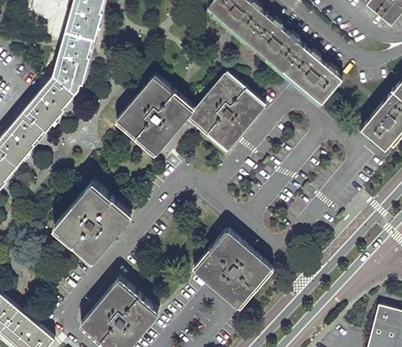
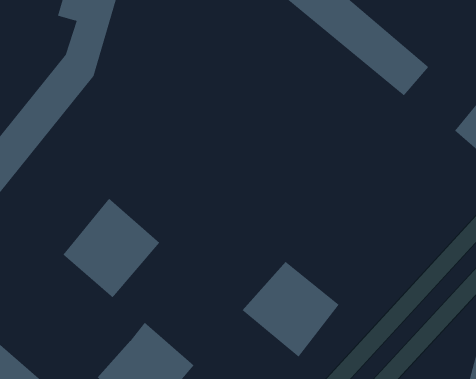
building: [118,75,264,152] -> none

